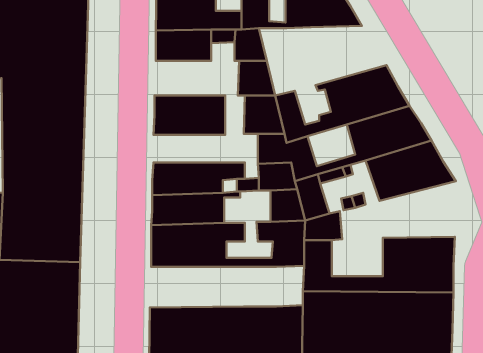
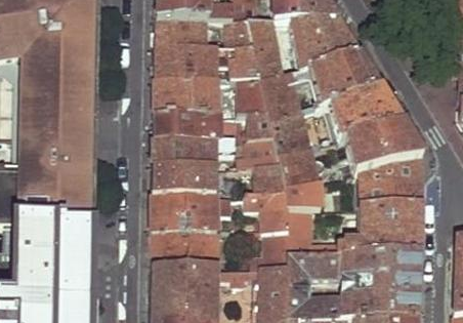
building: none -> [290,29,360,83]
building: none -> [247,31,284,90]
building: none -> [155,59,215,90]
building: none -> [154,125,217,150]
building: none -> [353,166,421,216]
building: none -> [262,241,287,277]
building: none -> [151,242,234,278]

